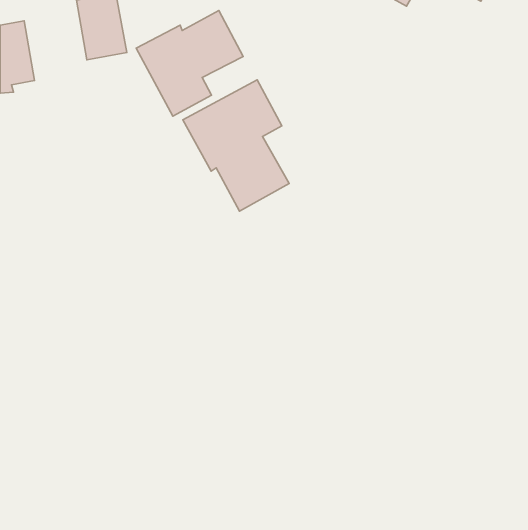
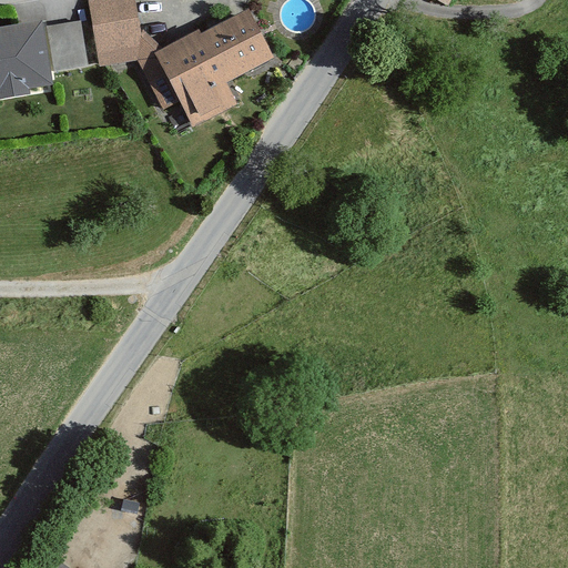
building: none -> [48,19,91,70]
building: [183,80,289,211] -> none

